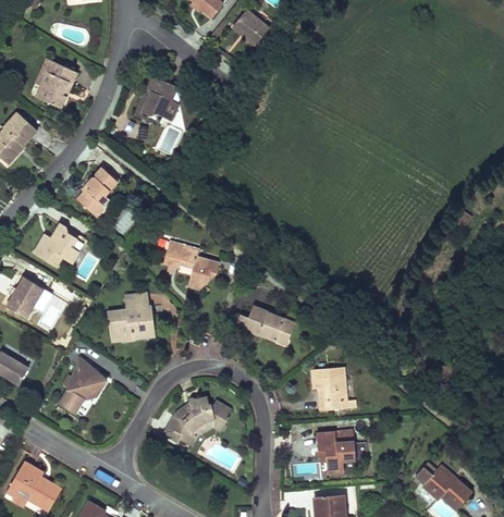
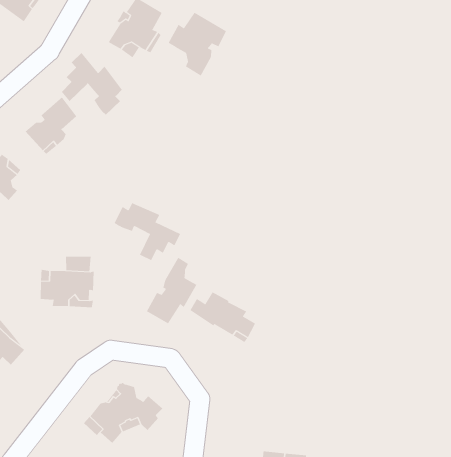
building: none -> [168,12,227,77]
building: none -> [61,52,122,116]
building: none -> [146,257,197,324]
building: [311,367,349,410] -> none

